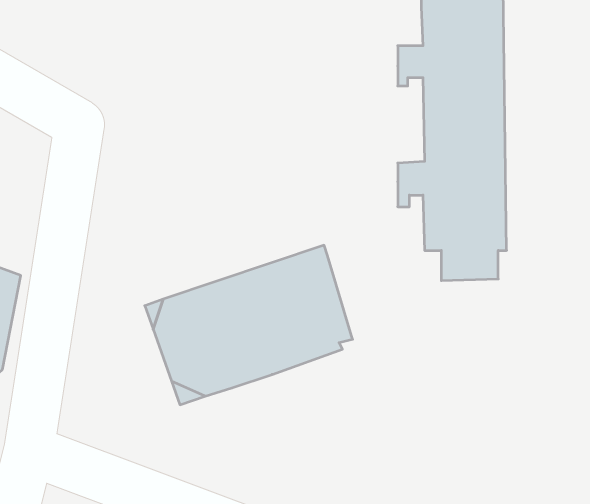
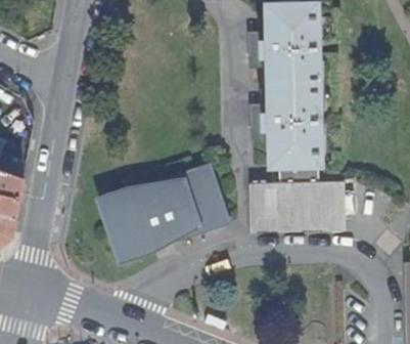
building: none -> [252,182,344,222]

